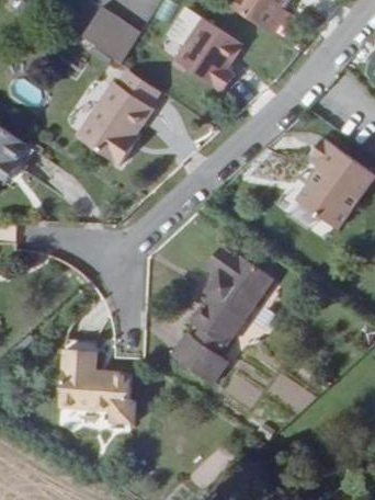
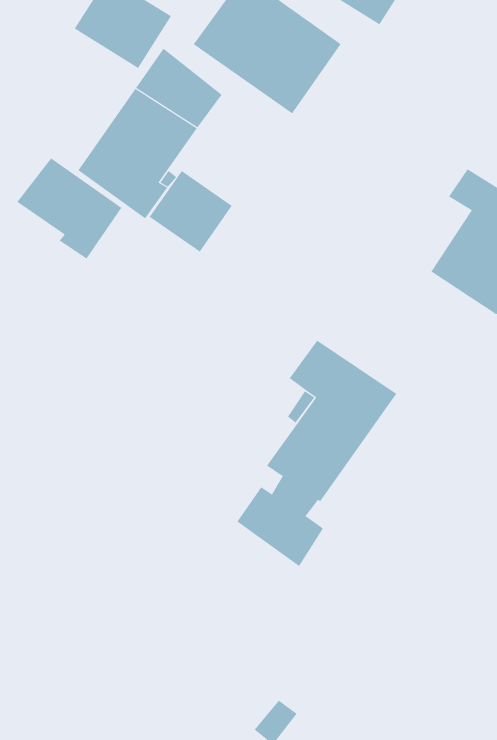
building: none -> [17,158,122,260]
building: none -> [149,170,233,252]
building: [66,352,143,427] -> none

